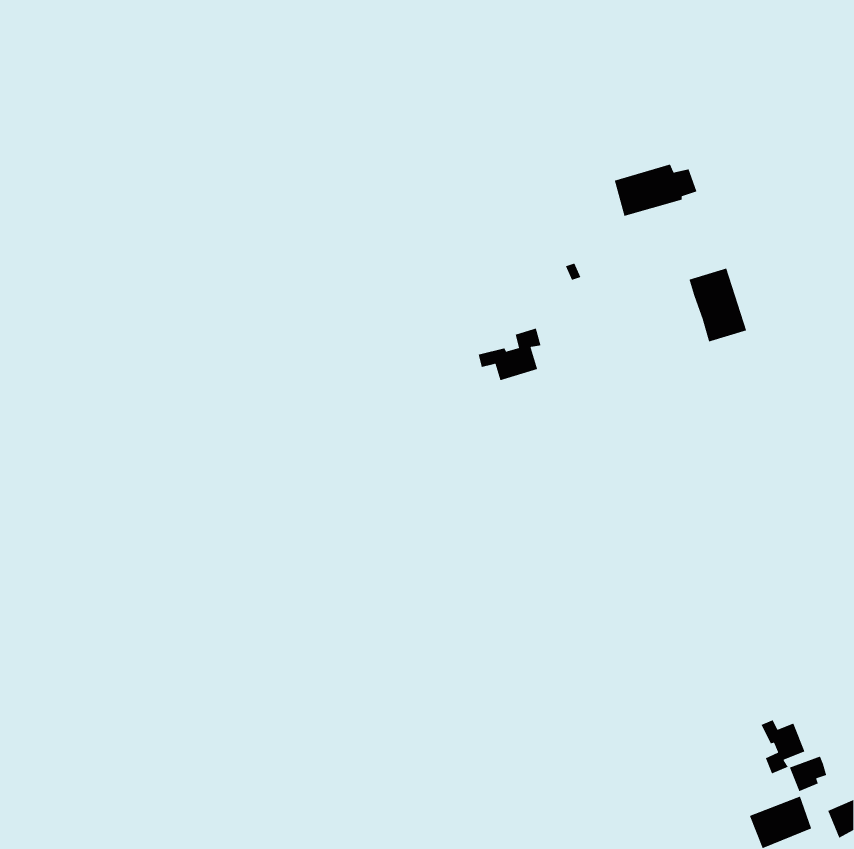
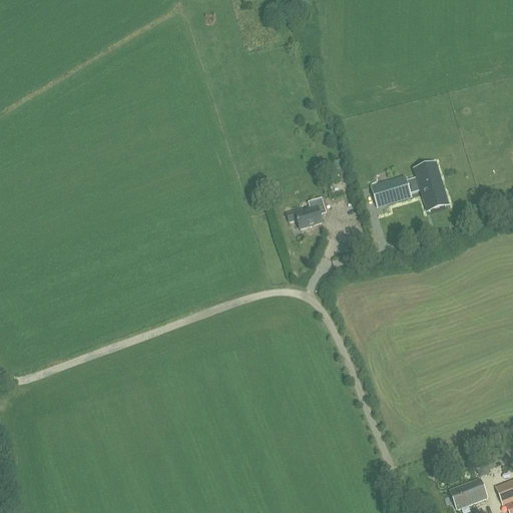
building: [614,163,697,217] -> [371,174,421,206]
building: [761,719,806,775] -> none

